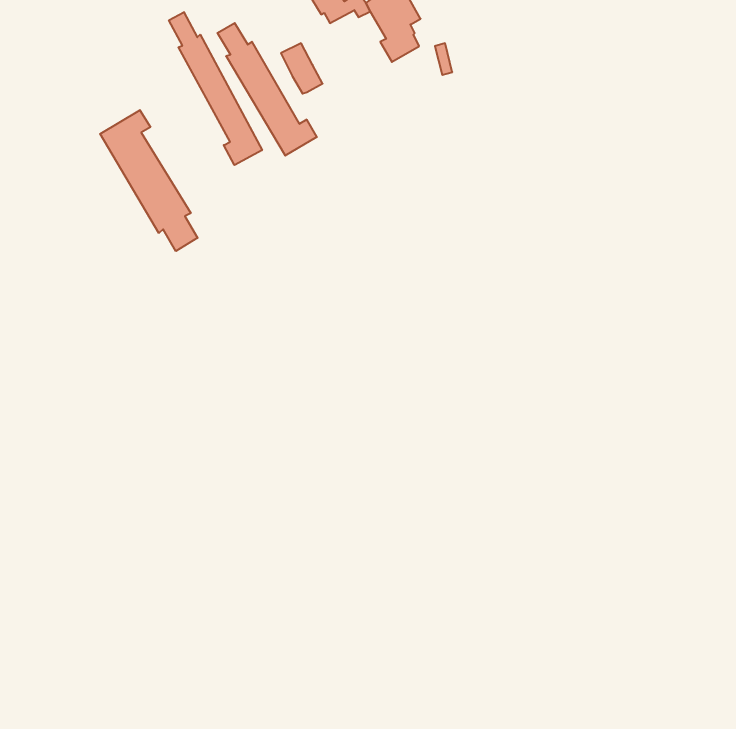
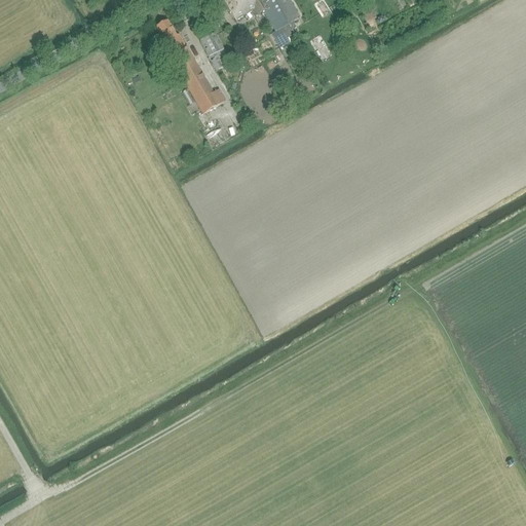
building: [169,12,262,165] -> none
building: [100,110,198,251] -> none

